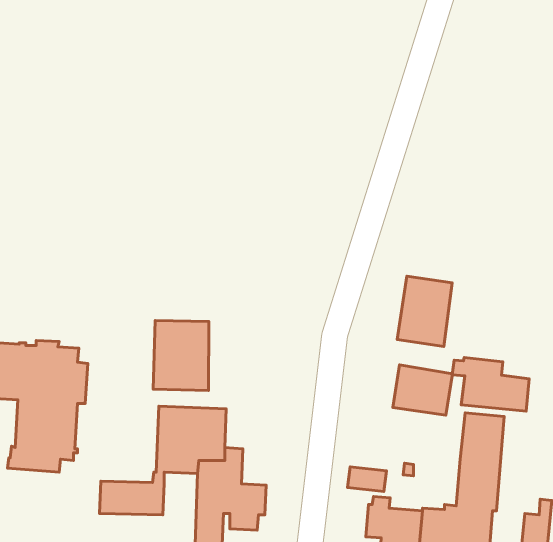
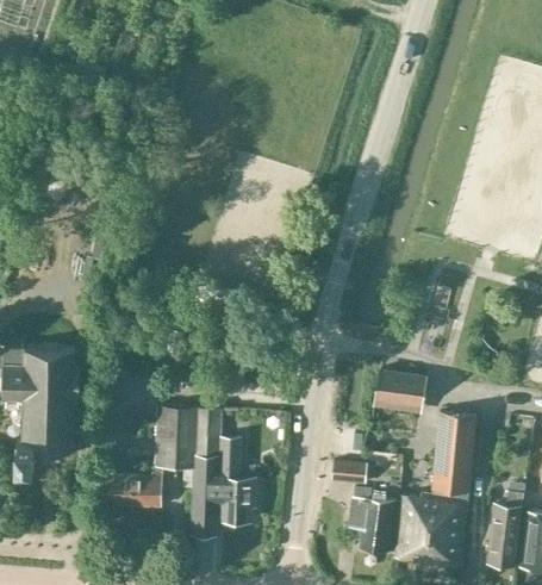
building: [397,276,452,346] -> none
building: [153,320,209,390] -> none
building: [452,358,529,411] -> none

